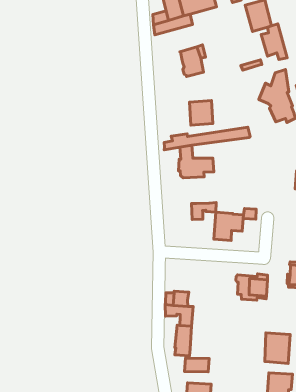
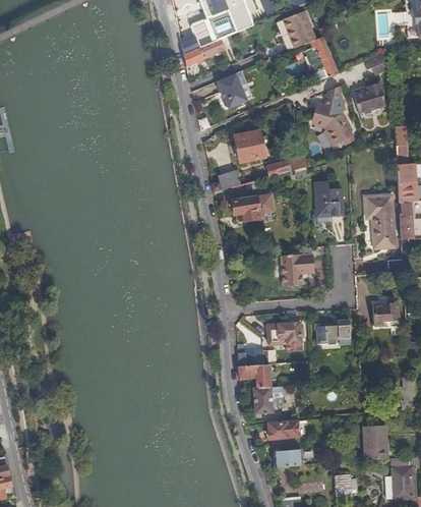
building: none -> [314,180,342,216]
building: [191,202,216,220] -> none
building: none -> [266,322,302,351]
building: [265,333,290,363] -> none

